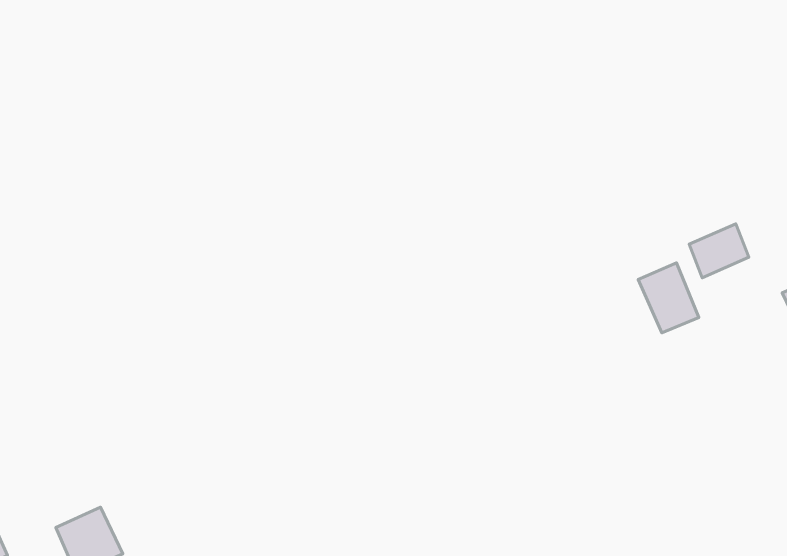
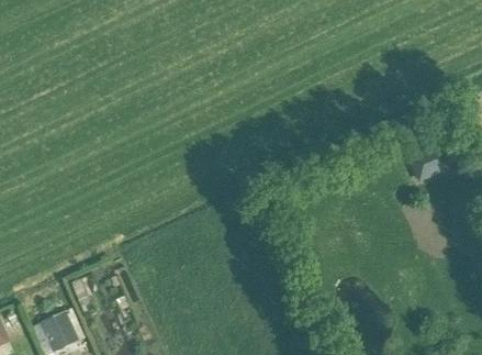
building: [638,263,699,333] -> none

